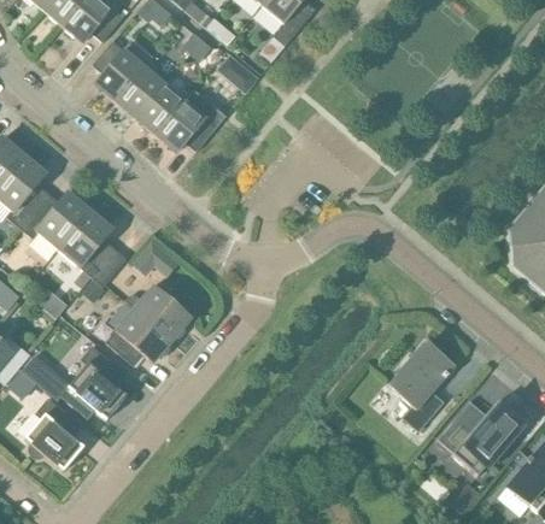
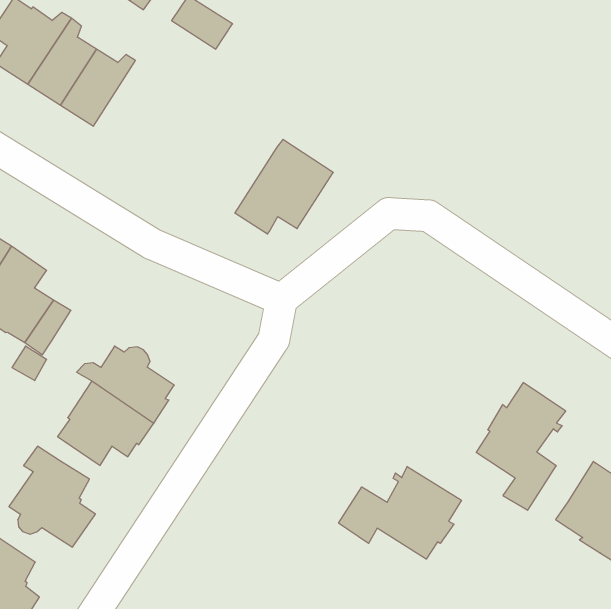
building: [156,89,225,152] -> [235,139,333,234]
building: [131,240,180,277] -> none
building: none -> [339,466,461,559]

